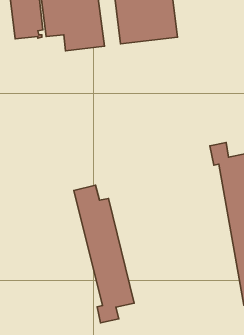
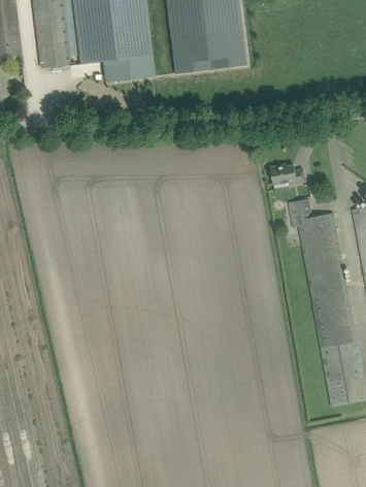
building: none -> [270,164,305,184]
building: [74,185,134,323] -> none

